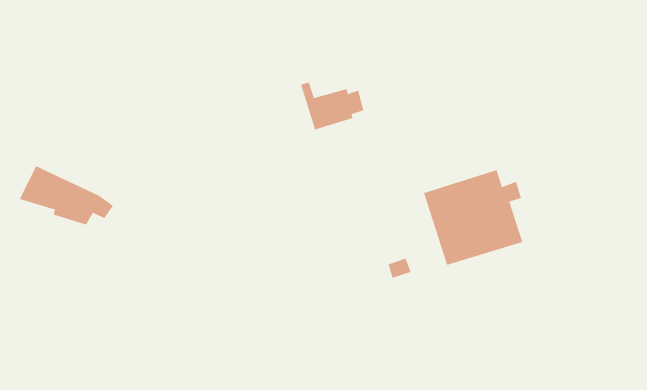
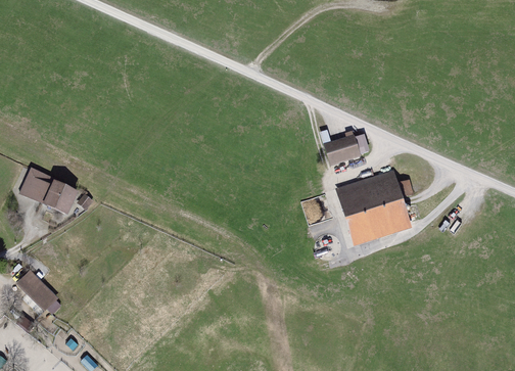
building: [300,82,364,130] -> [319,128,369,166]
building: none -> [16,269,59,311]

